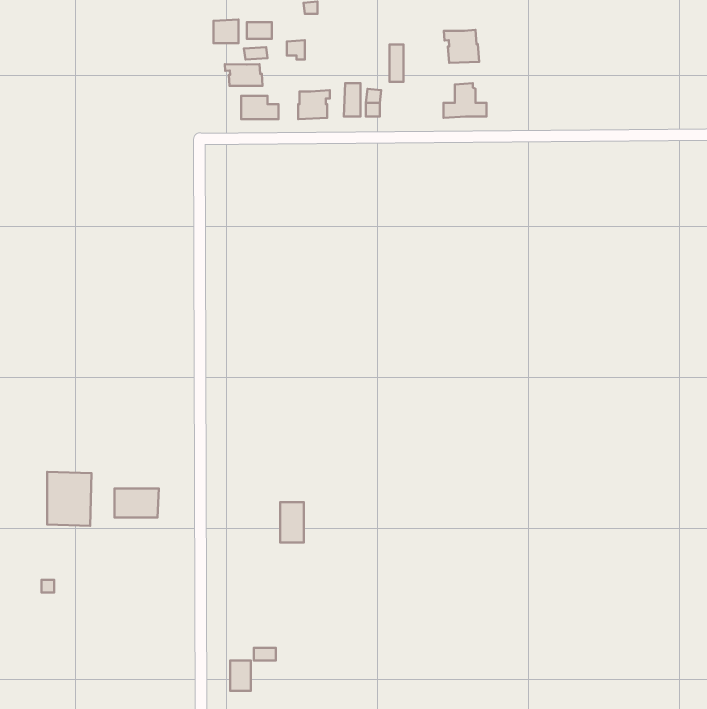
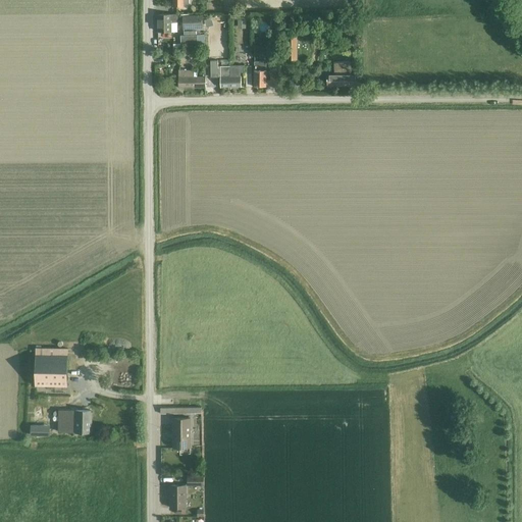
building: [444,30,479,63] -> none
building: [225,64,263,86] -> none
building: [115,488,159,518] -> [58,411,91,432]
building: [280,502,304,542] -> [172,418,190,448]

